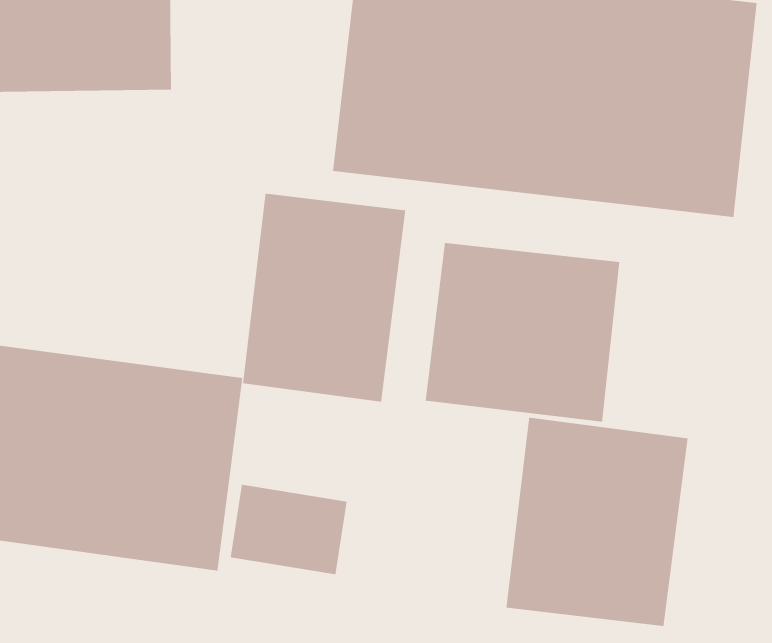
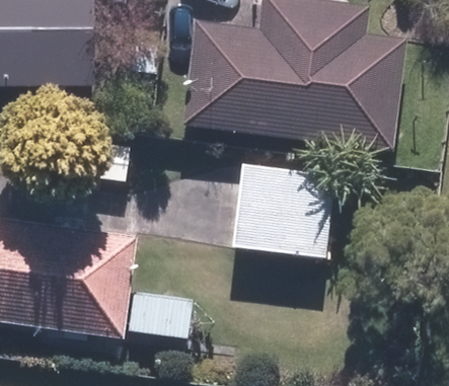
building: [243,193,406,403] -> none
building: [506,417,688,627] -> none

